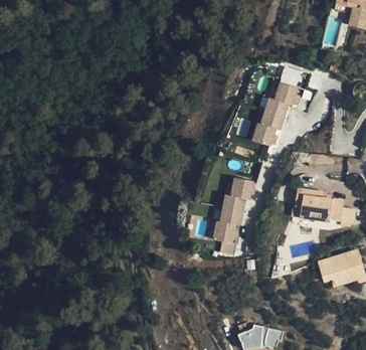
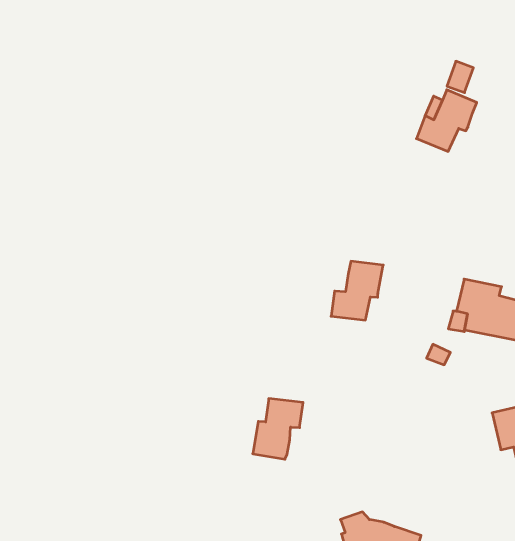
building: [251,112,284,147] -> none
building: [217,213,243,246] -> [253,399,303,459]

